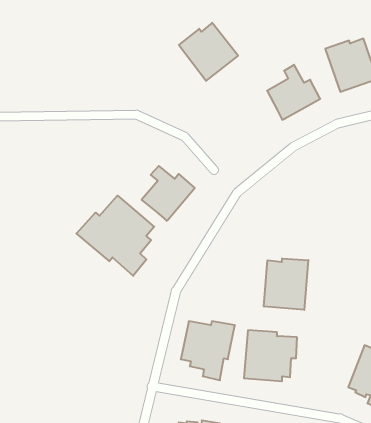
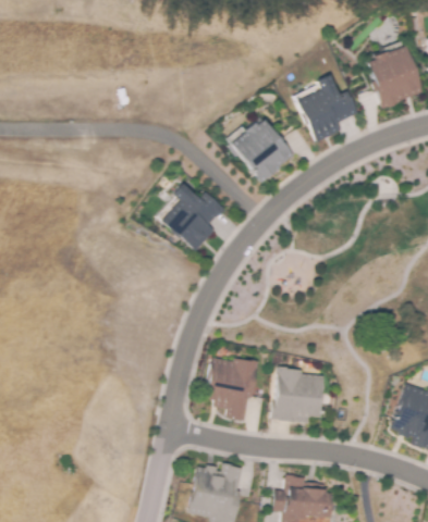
building: [179,23,238,81] -> [229,121,293,184]
building: [76,196,154,276] -> none
building: [264,258,308,310] -> none

